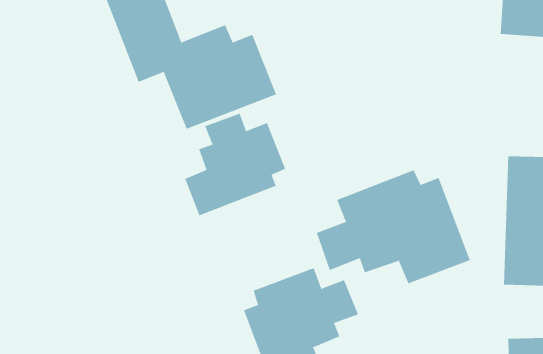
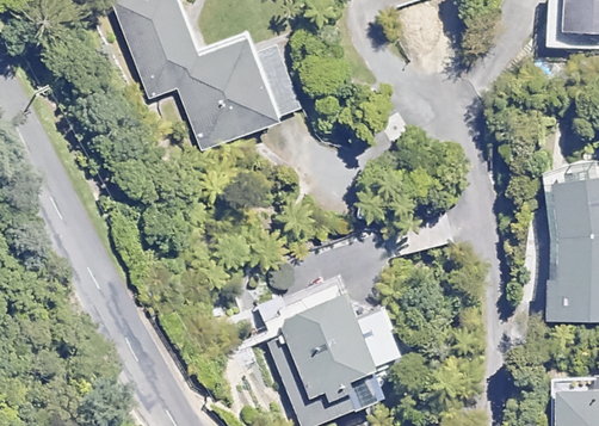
building: [184,113,286,216] -> none
building: [316,170,470,284] -> none

